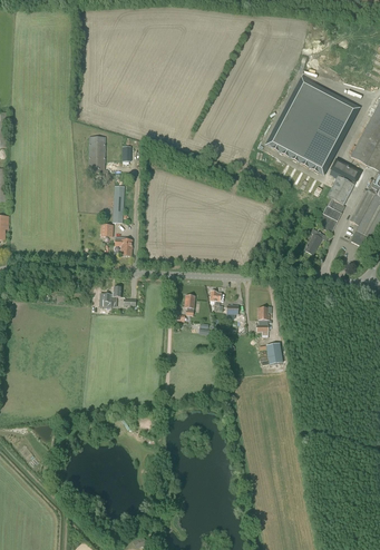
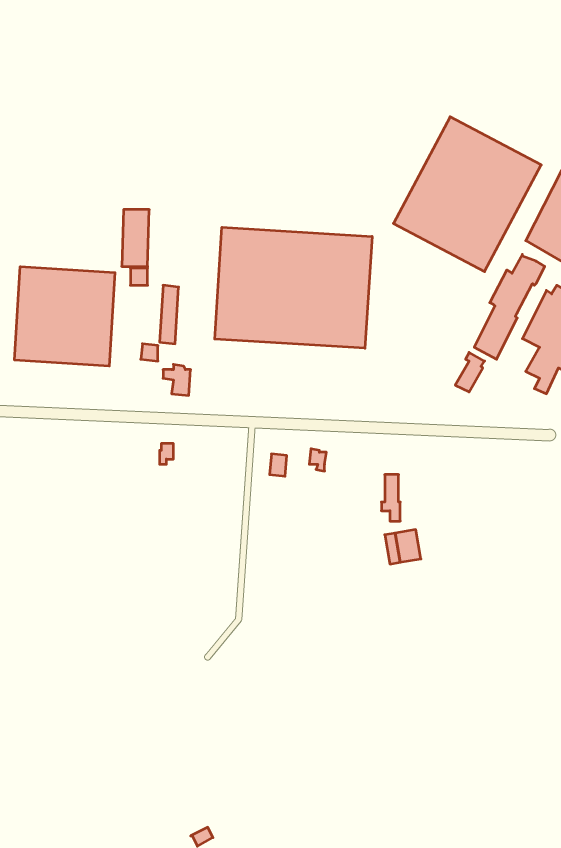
building: none -> [215,227,372,348]
building: none -> [15,267,115,366]

